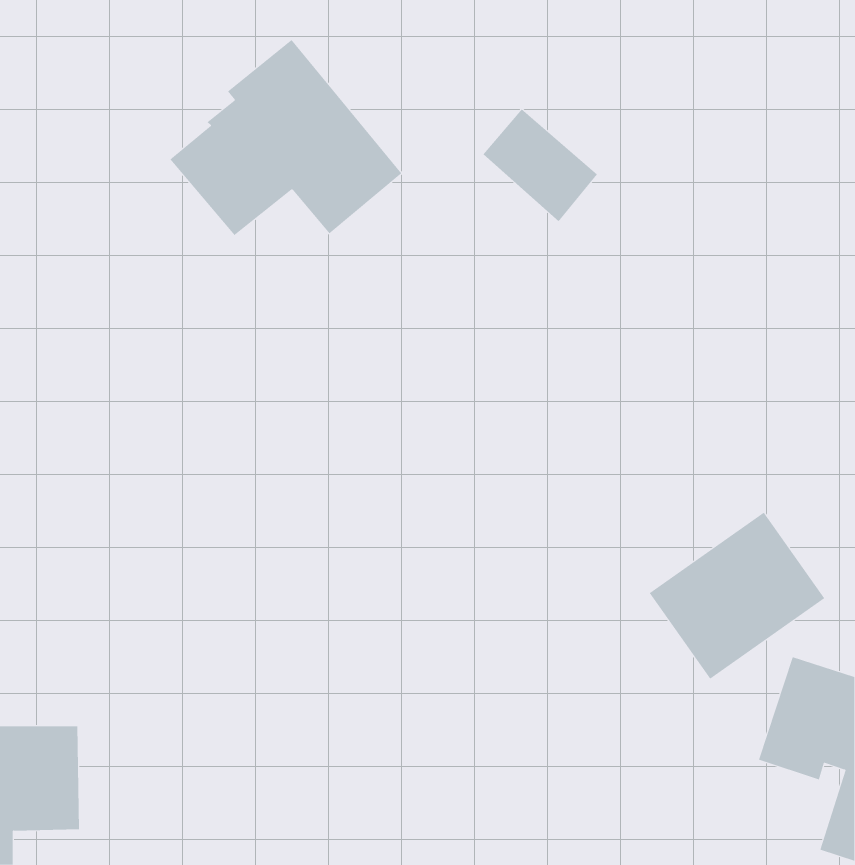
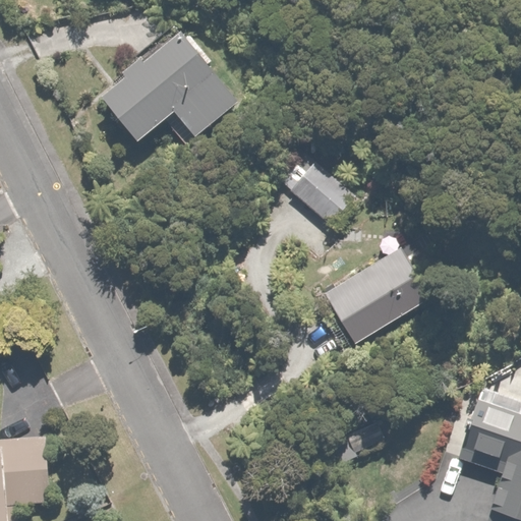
building: [482,108,598,222] -> [280,155,349,223]
building: [649,512,825,680] -> [323,247,428,348]

